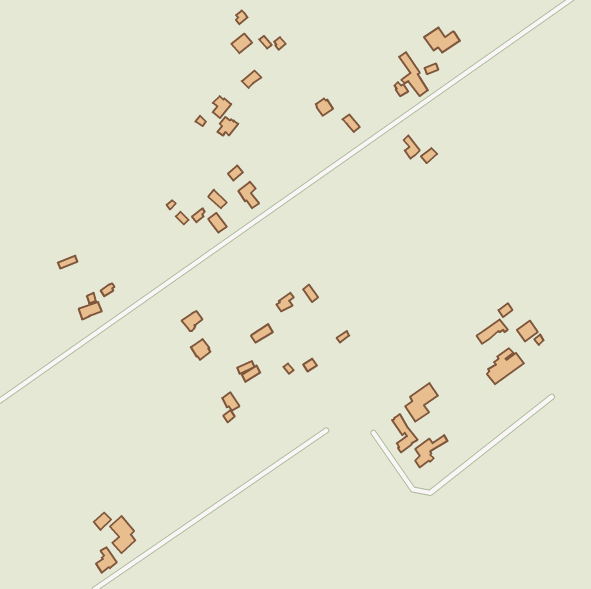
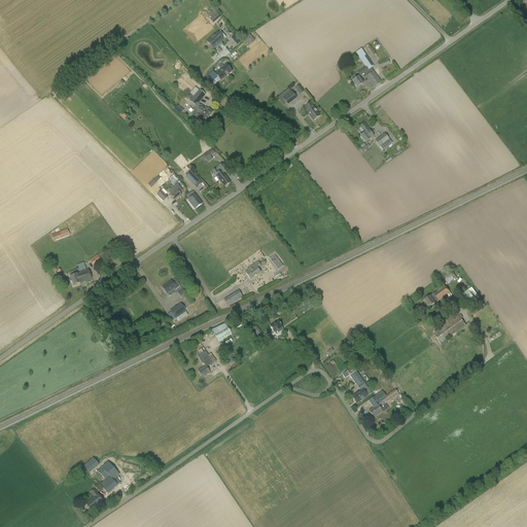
building: [424,27,460,53] -> none
building: [405,383,438,422] -> none

